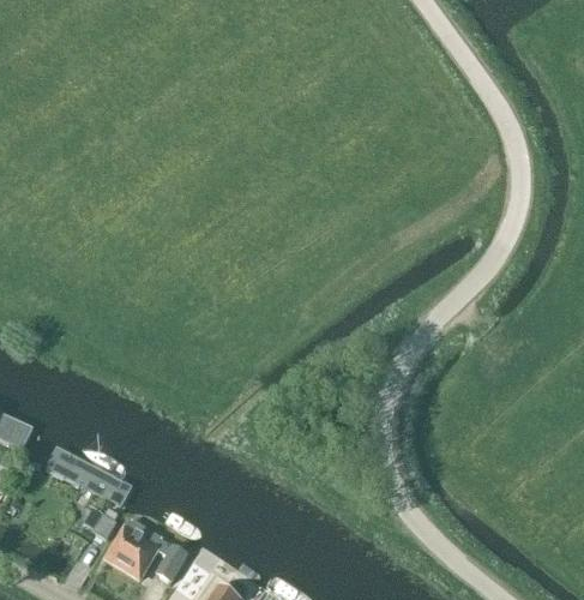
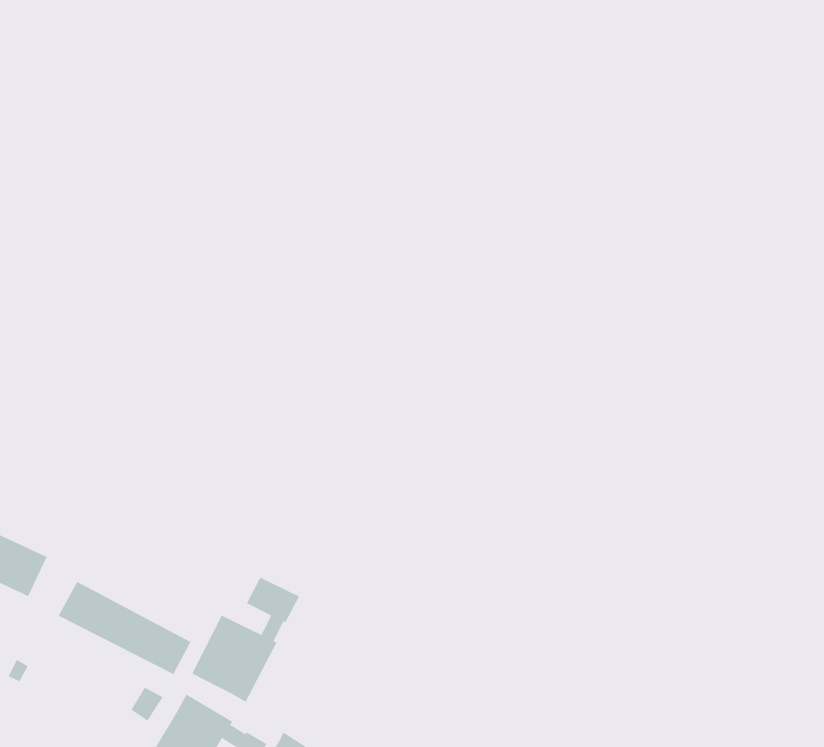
building: none -> [191,577,300,703]

